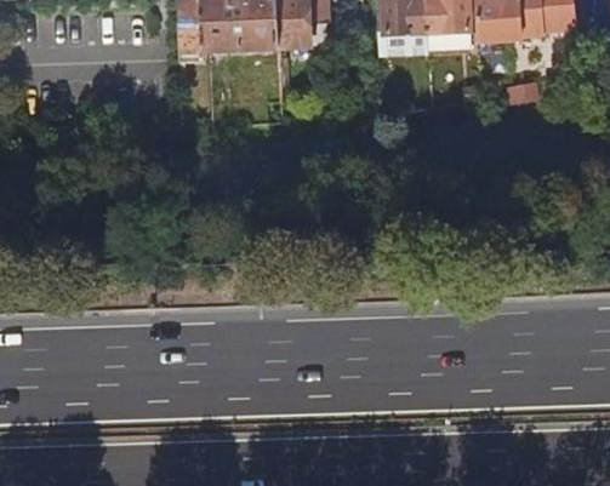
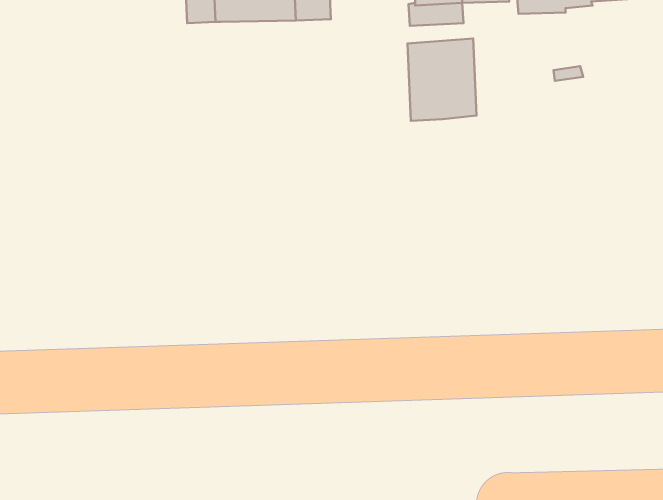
building: none -> [407,38,477,121]

